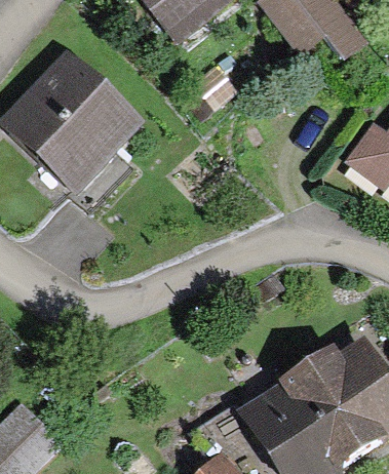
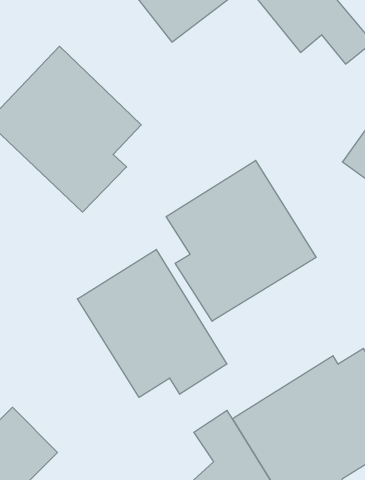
building: none -> [166,160,316,321]
building: none -> [77,249,227,397]

